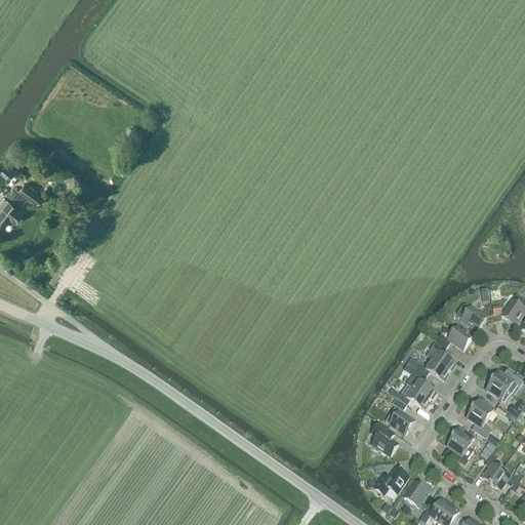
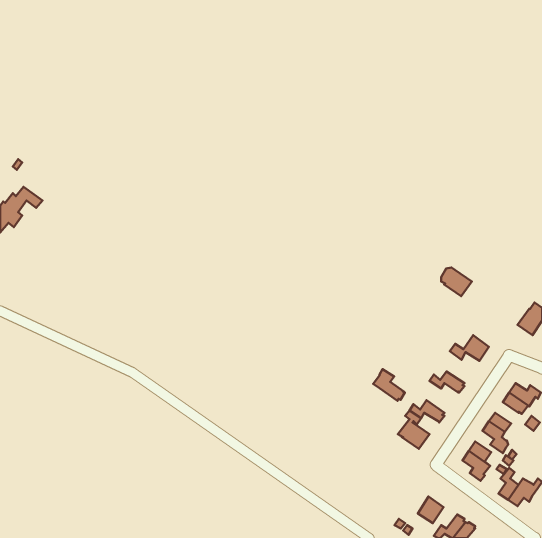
building: [457,302,487,330] -> [441,268,472,296]
building: [426,339,456,370] -> none
building: [406,368,437,399] -> [373,369,405,401]
building: [370,421,399,455] -> none
building: [374,467,409,494] -> none

